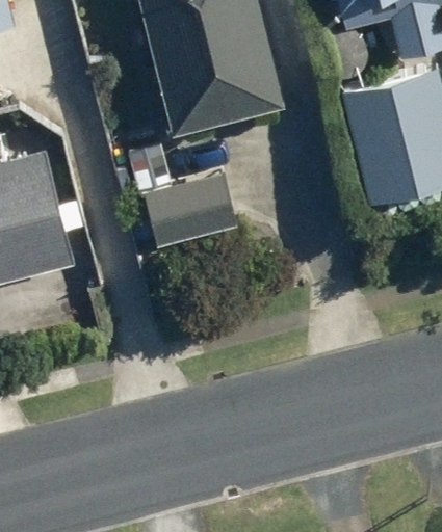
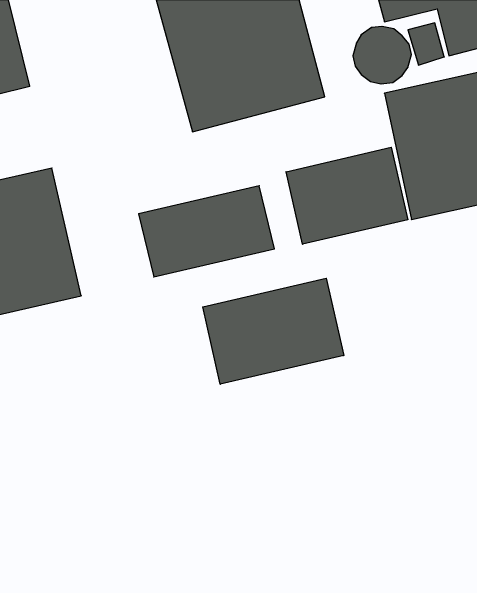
building: none -> [286,147,408,244]
building: none -> [203,278,344,384]

